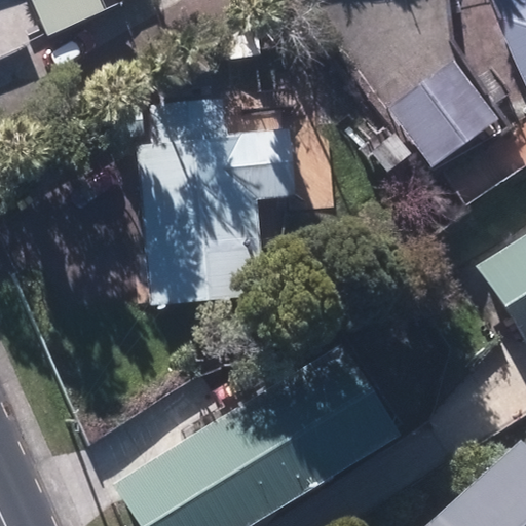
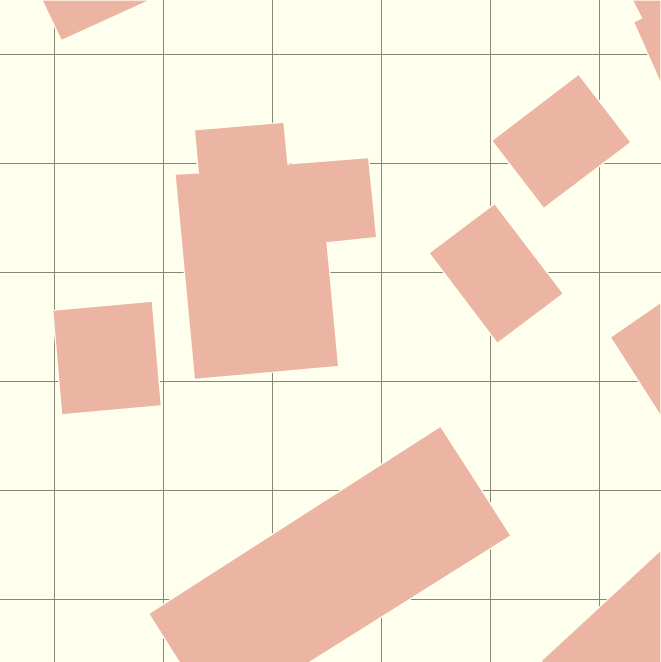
building: none -> [429,203,563,343]
building: none -> [53,301,161,415]

